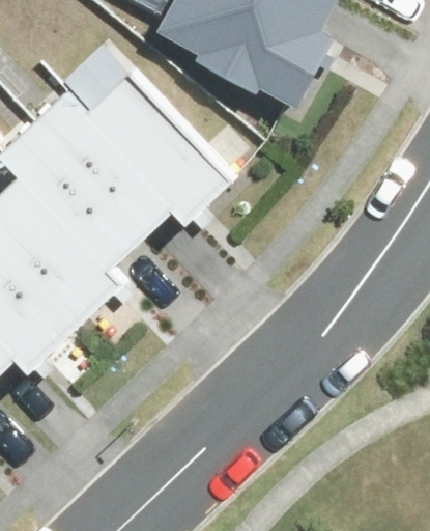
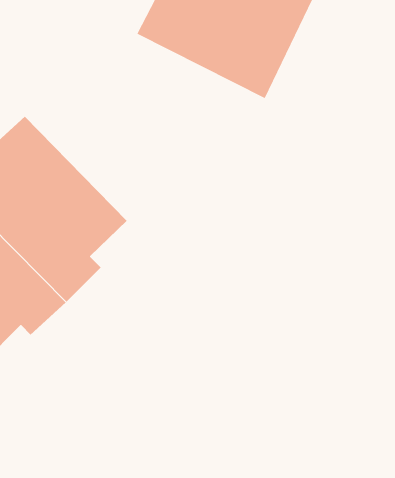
building: [40,59,235,230] -> none

